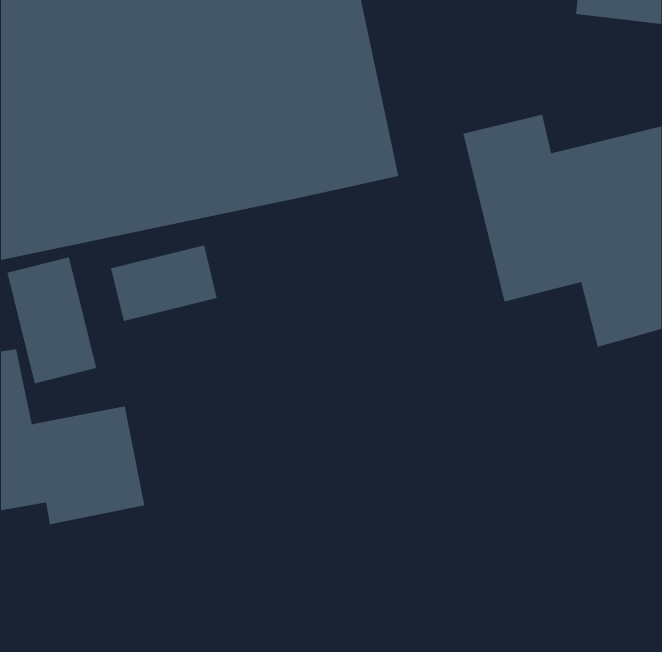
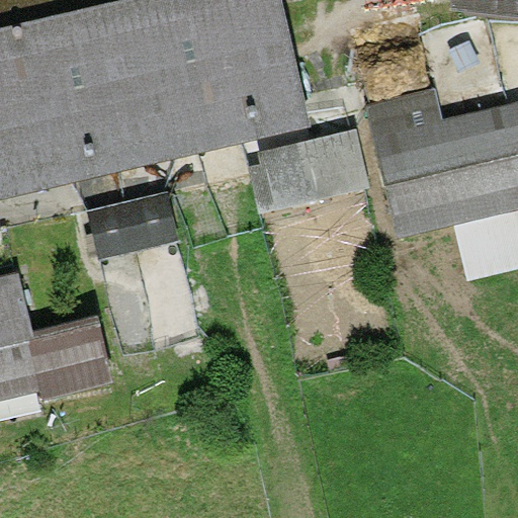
building: none -> [234,132,356,206]
building: [7,257,97,384] -> none

